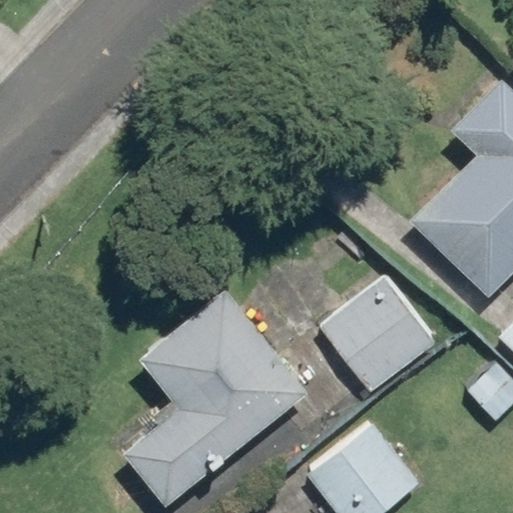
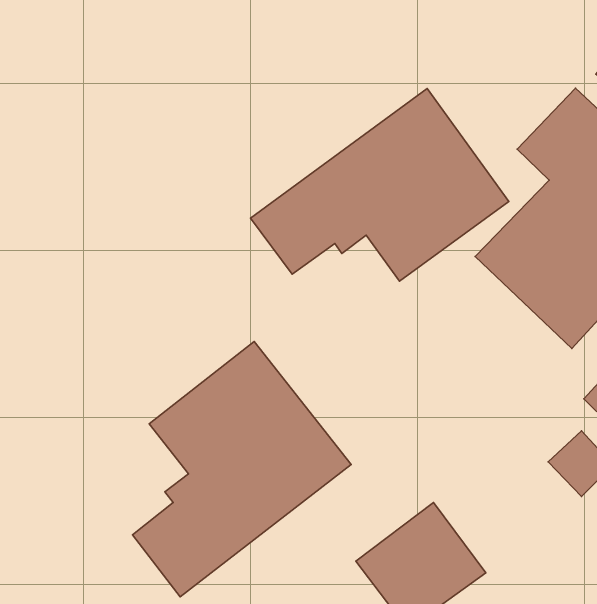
building: none -> [250,89,509,281]
building: [329,277,440,388] -> none

